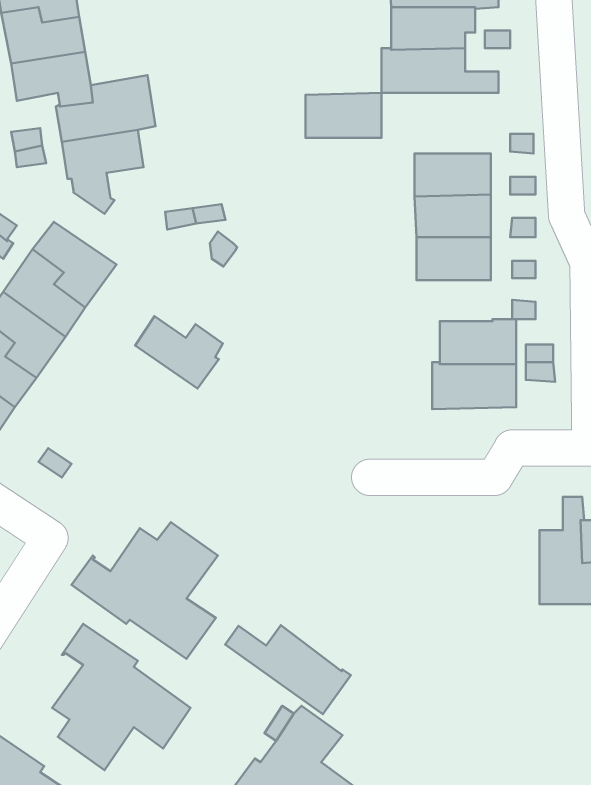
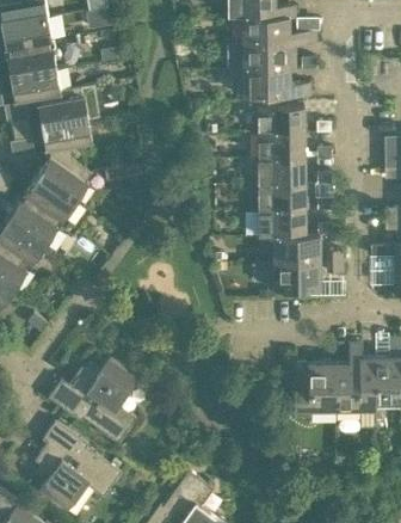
building: [305,93,381,138] -> [258,107,304,135]
building: none -> [259,213,306,240]
building: [135,316,223,388] -> [37,159,91,203]
building: none -> [292,365,334,417]
building: [225,625,351,714] -> none

